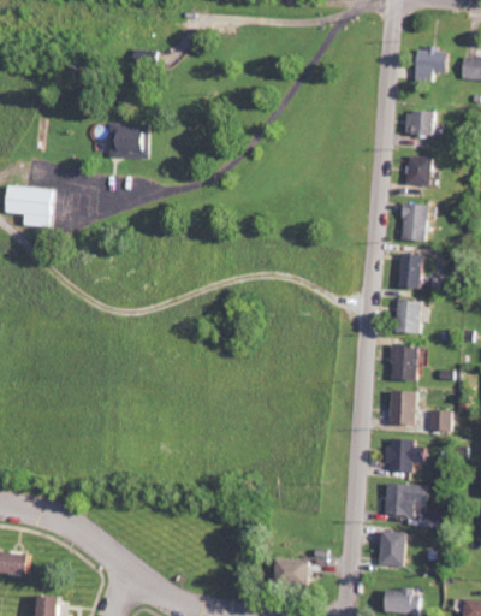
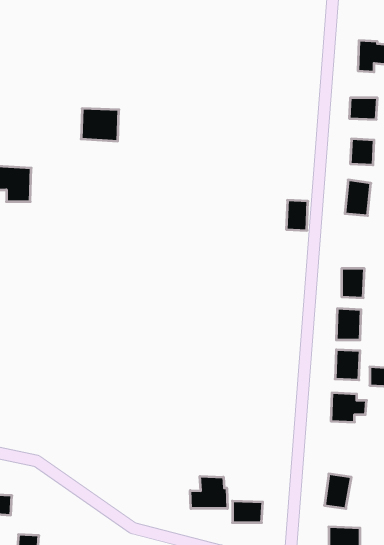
building: [399,254,423,288] -> [286,200,308,230]
building: [382,482,438,528] -> none
building: none -> [190,476,227,509]

